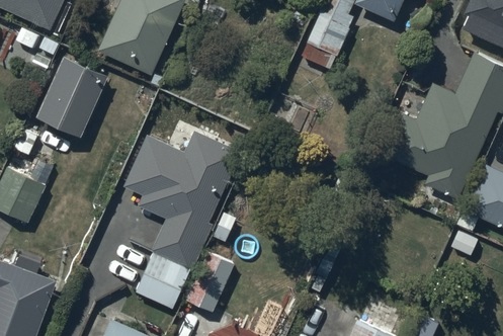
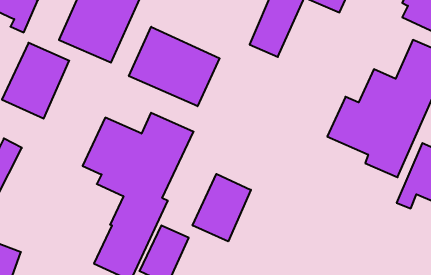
building: none -> [129,27,220,106]
building: none -> [193,174,251,241]

